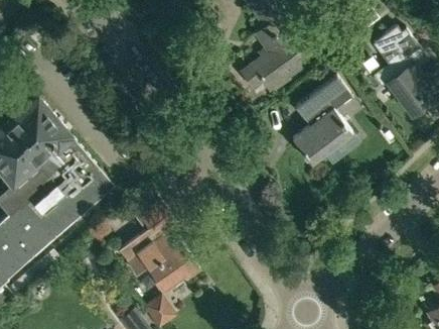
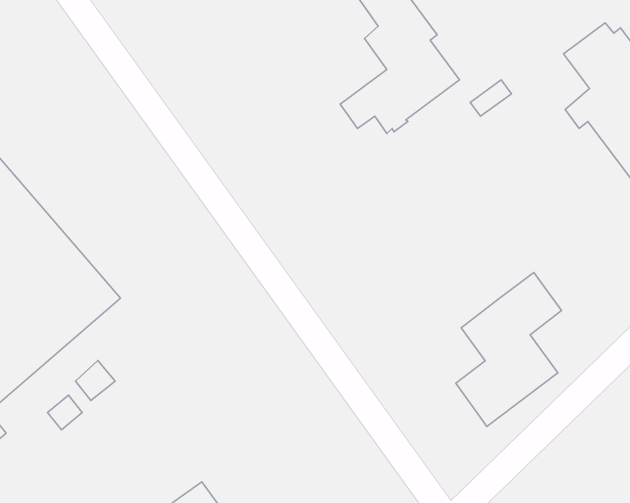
building: [293,76,354,166] -> [456,272,561,427]
building: [120,204,200,293] -> none

